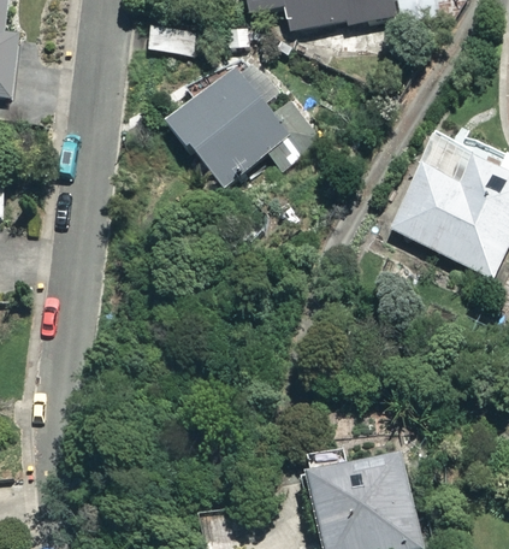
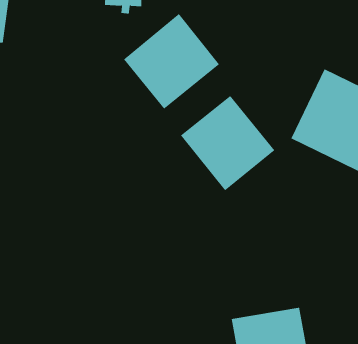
building: none -> [180,95,275,191]

